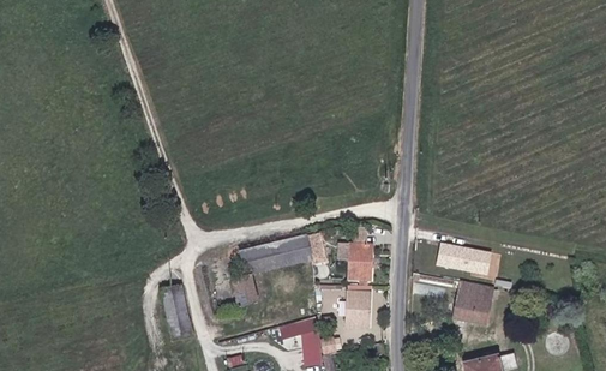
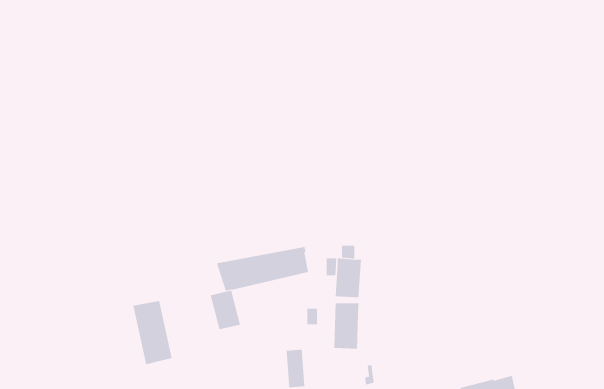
building: [434,240,491,275] -> none
building: [451,280,493,324] -> none

